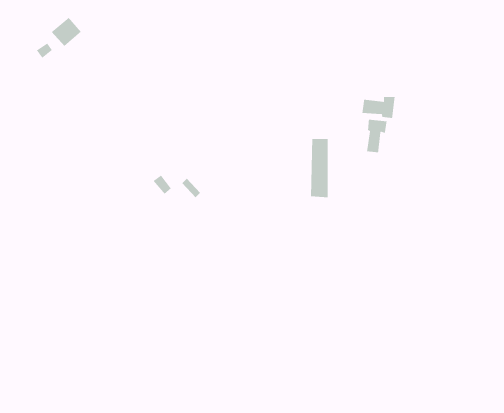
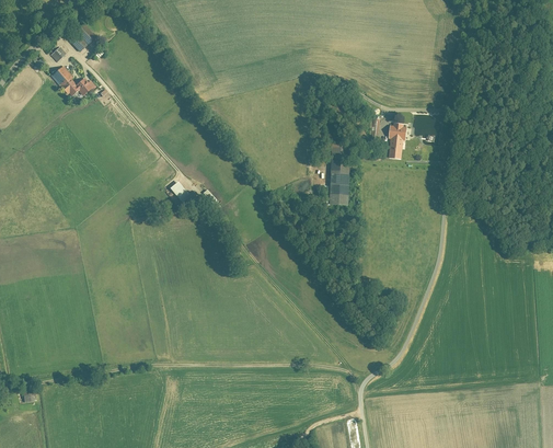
building: none -> [51,67,94,97]
building: [362,96,395,119] -> none

